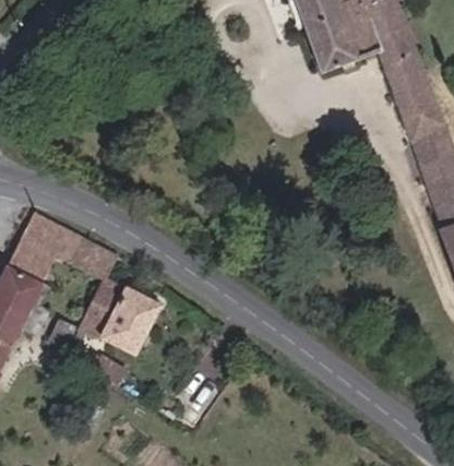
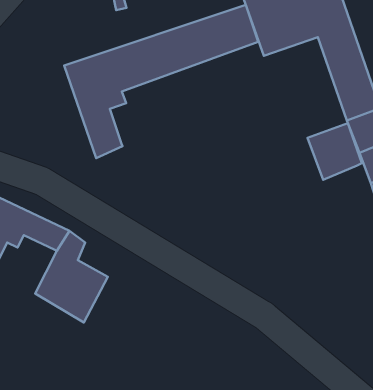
building: none -> [64,5,258,158]
building: none -> [307,123,362,180]

